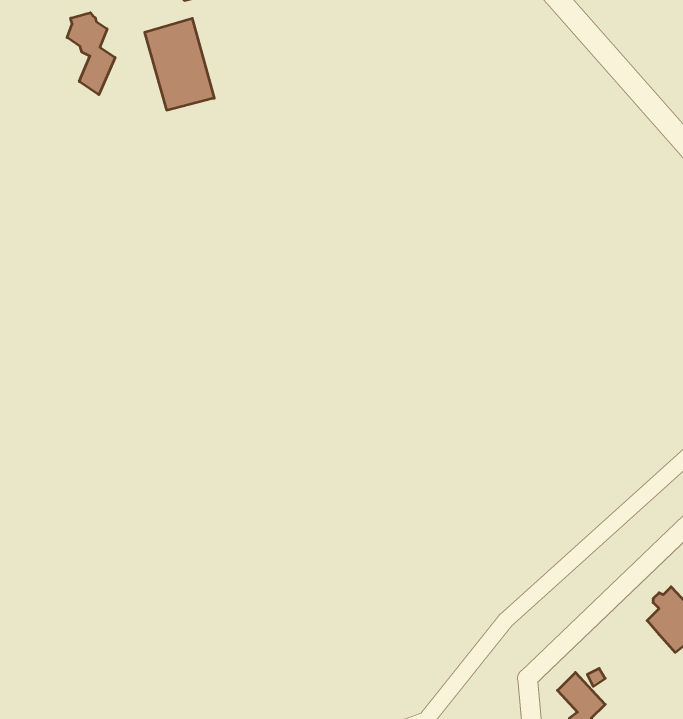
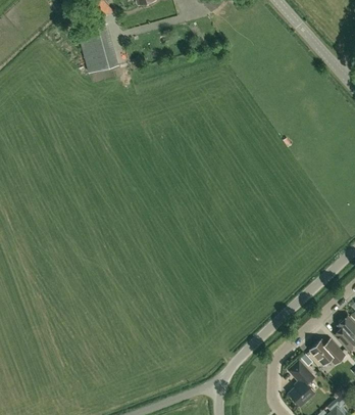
building: [67,13,115,95] -> none
building: none -> [310,338,344,364]

